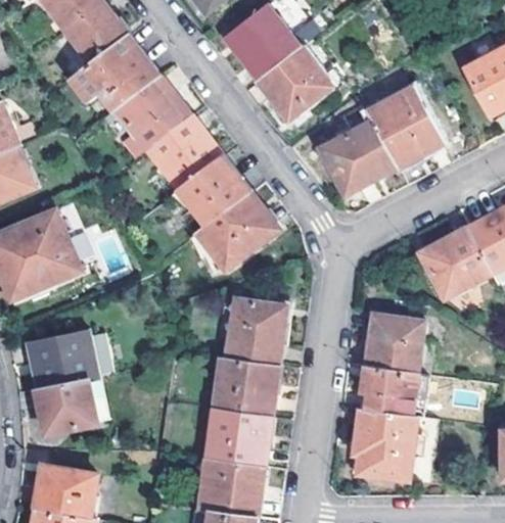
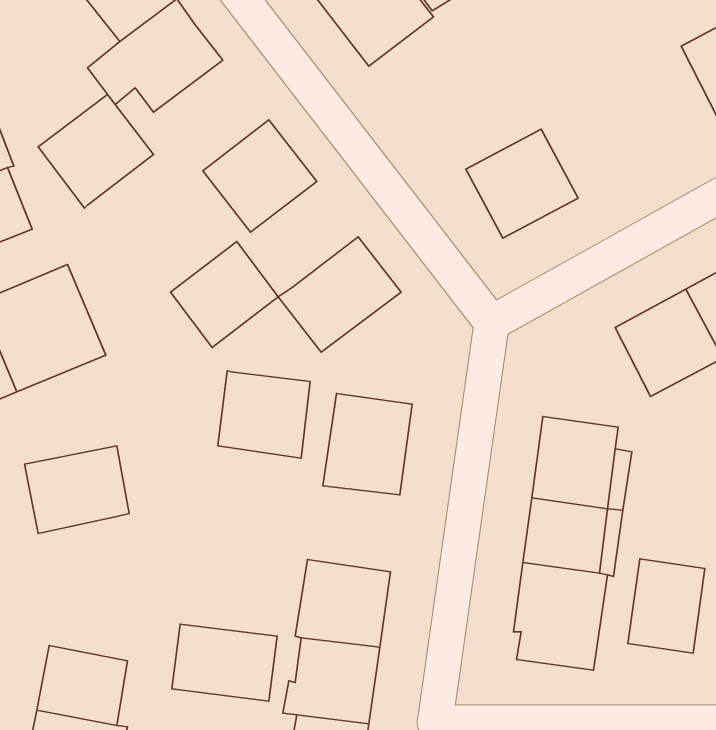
building: [257,46,328,117] -> none
building: [113,75,190,150] -> [38,94,154,208]
building: [367,88,441,167] -> none
building: [178,155,249,226] -> [171,241,278,347]
building: [216,356,277,415] -> [218,371,310,458]
building: [37,378,98,432] -> none
building: none -> [628,559,705,653]
building: none -> [172,624,277,701]

